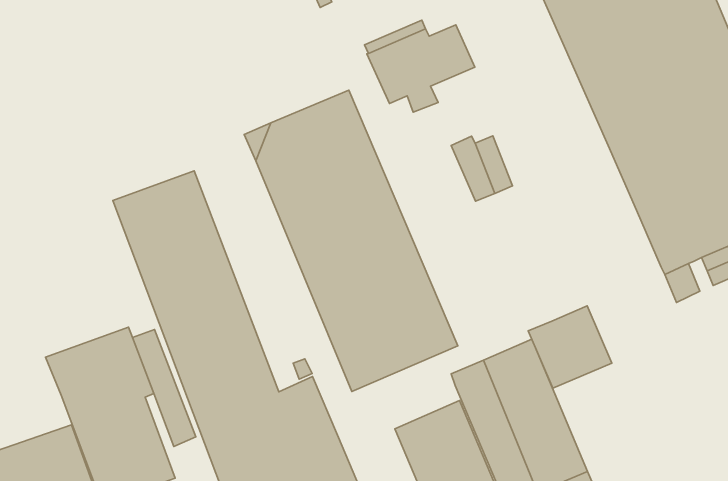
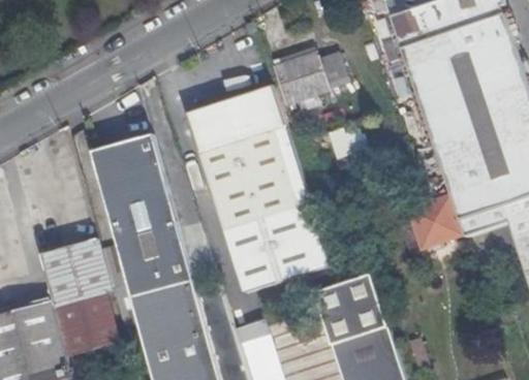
building: [528,306,612,388] -> [406,190,461,244]

